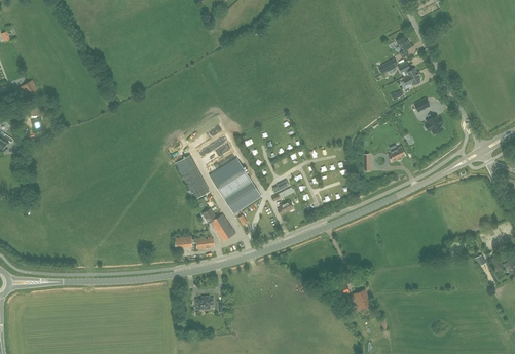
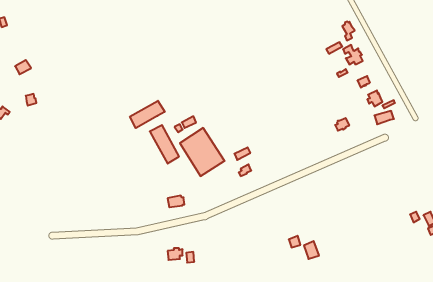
building: none -> [130,101,165,128]
building: [203,208,235,241] -> none

